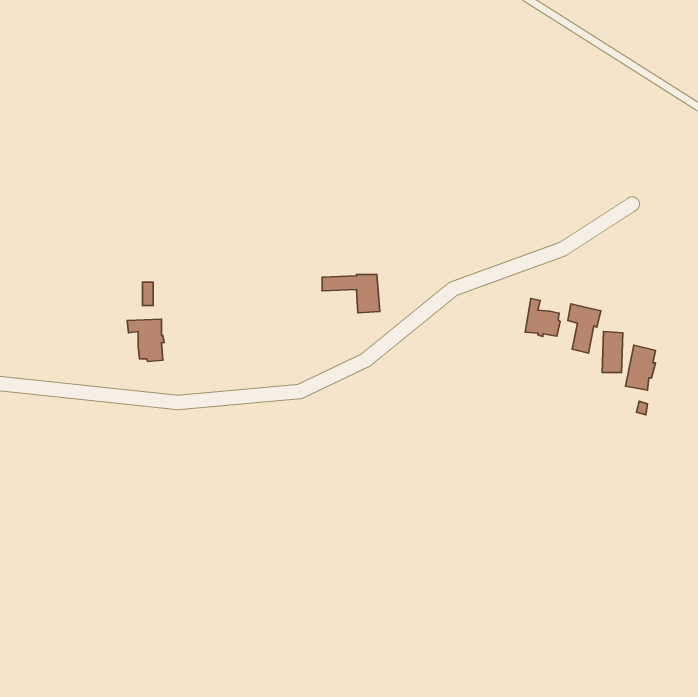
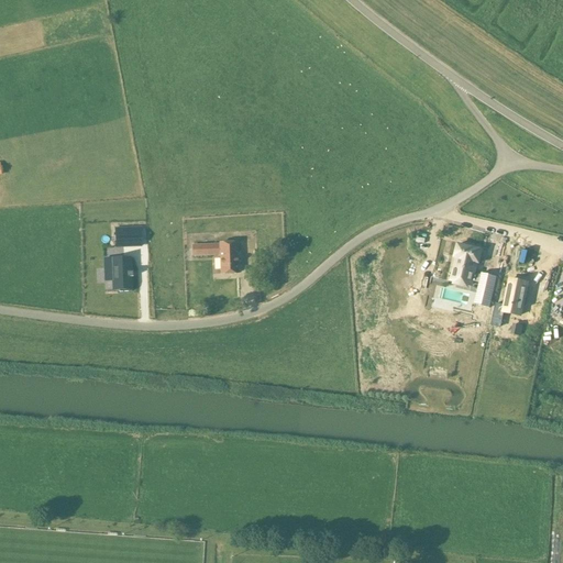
building: [322,274,380,313] -> [191,241,238,272]
building: [525,299,560,336] -> none

